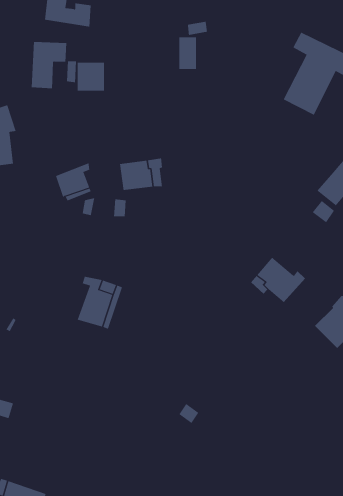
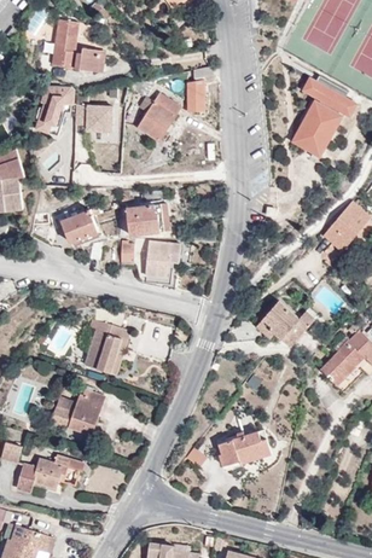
building: none -> [138,94,180,141]
building: none -> [146,242,180,285]
building: none -> [53,389,106,435]
building: none -> [221,430,272,464]
building: none -> [17,455,83,492]

